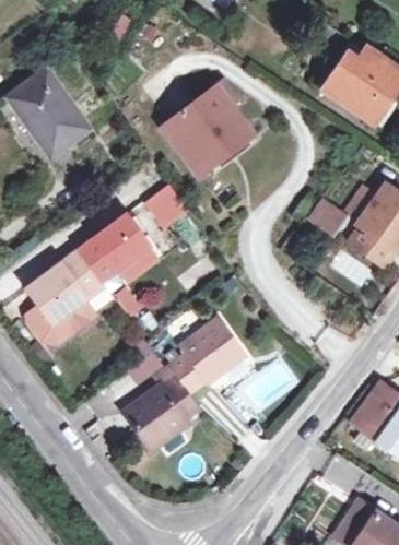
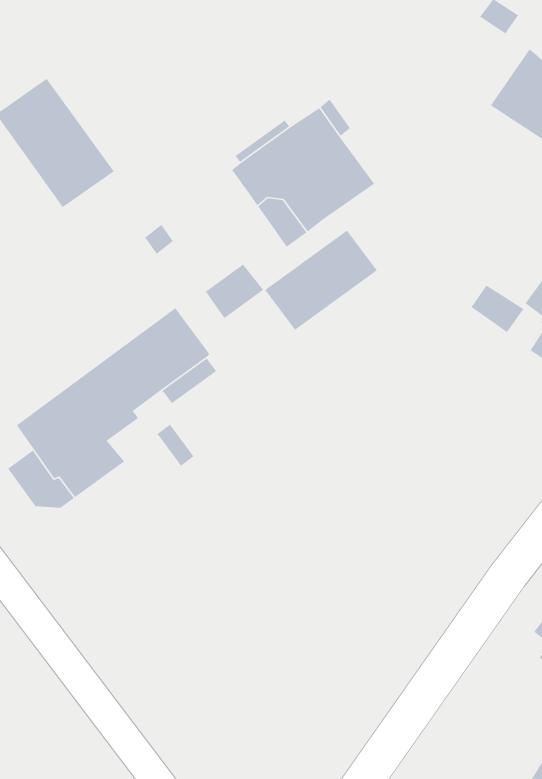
building: none -> [264,230,378,331]
building: [124,318,244,448] -> none

